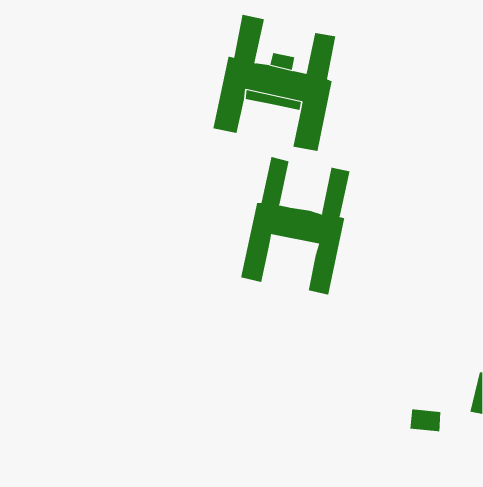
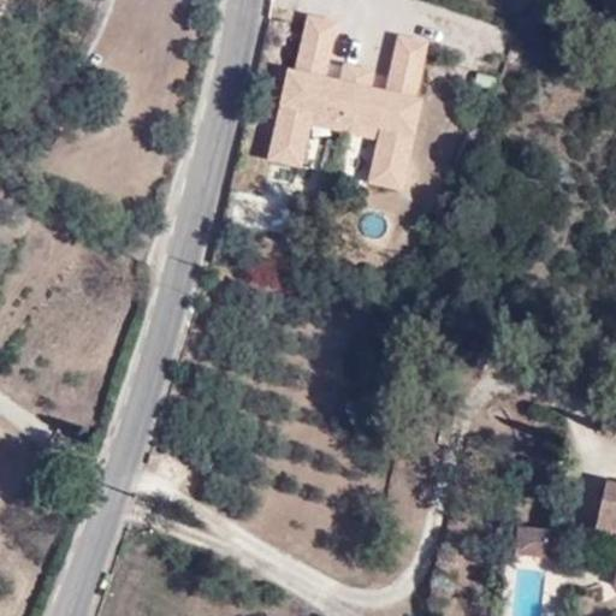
building: [240,156,350,296] -> none

